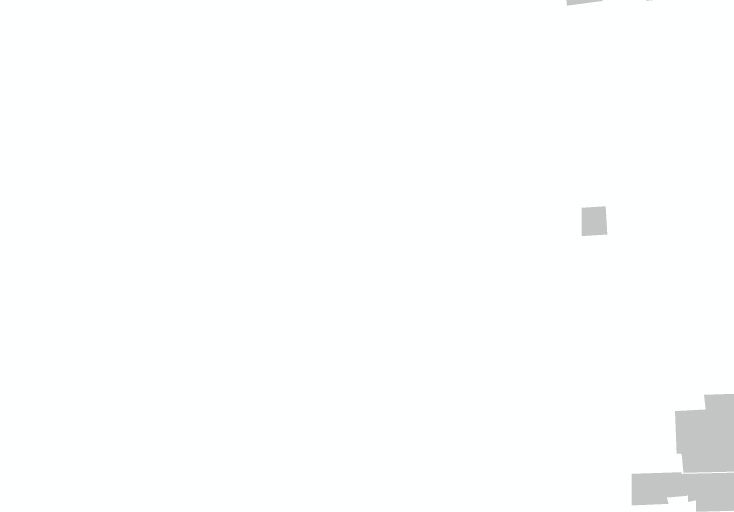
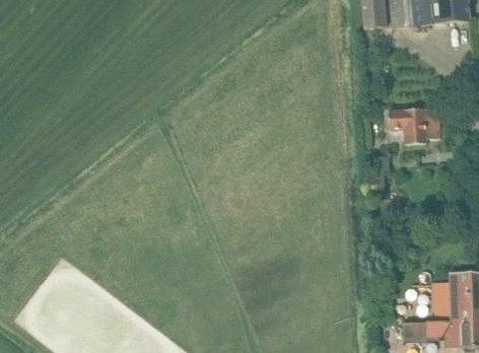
building: none -> [388,107,440,143]

